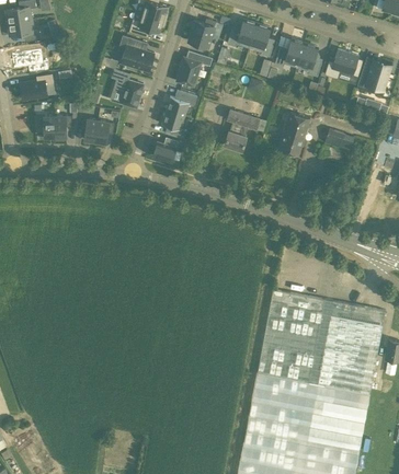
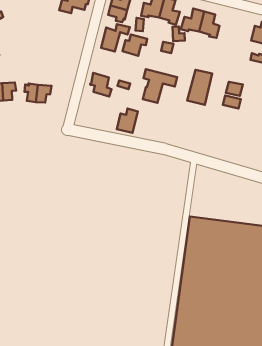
building: [118,35,153,71] -> none
building: [324,49,363,78] -> none
building: [112,69,144,107] -> none
building: [166,90,196,116] -> [123,34,147,56]
building: [151,136,178,165] -> [117,109,138,133]

